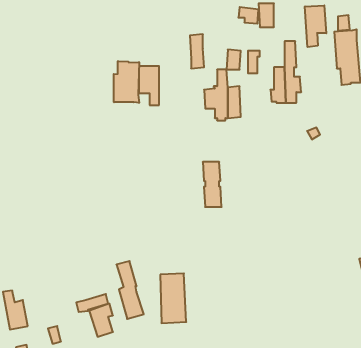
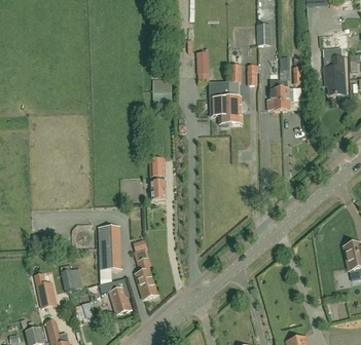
building: [305,5,326,47] -> none
building: [114,61,139,103] -> none
building: [203,162,222,207] -> [150,159,167,198]
building: [160,273,186,323] -> [99,226,121,269]
building: none -> [61,264,83,290]

